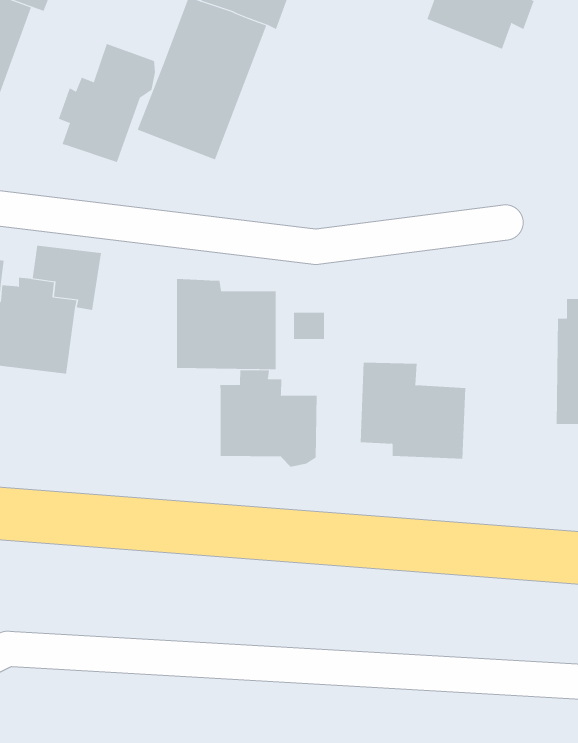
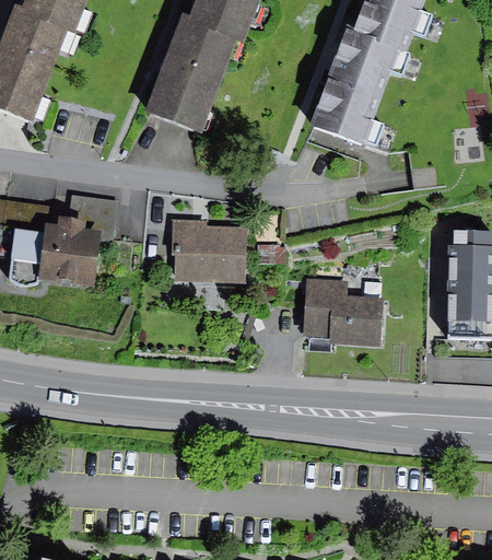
building: none -> [308,27,410,147]
building: [58,43,155,163] -> none
building: [220,369,317,467] -> none

